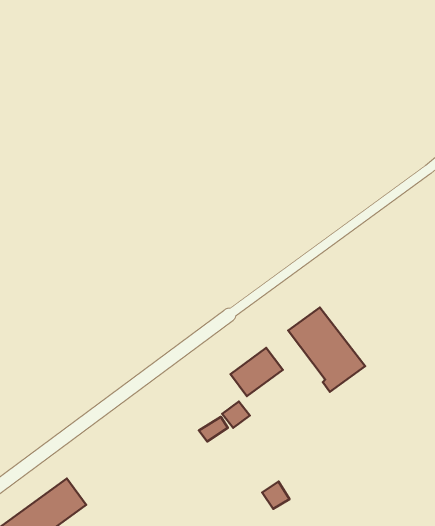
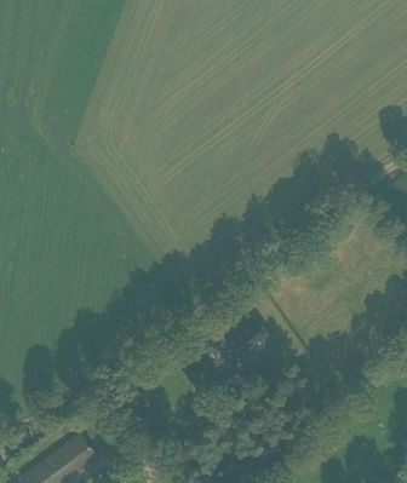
building: [288,307,365,392] -> none

